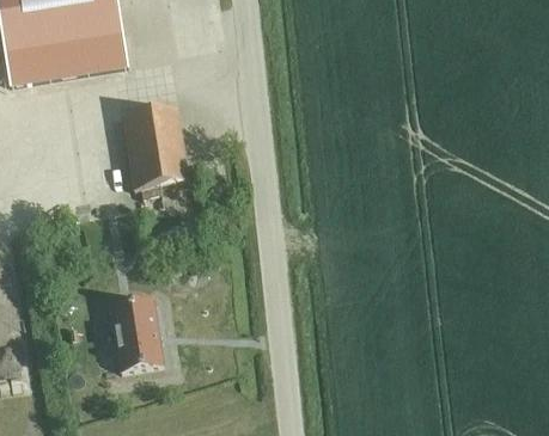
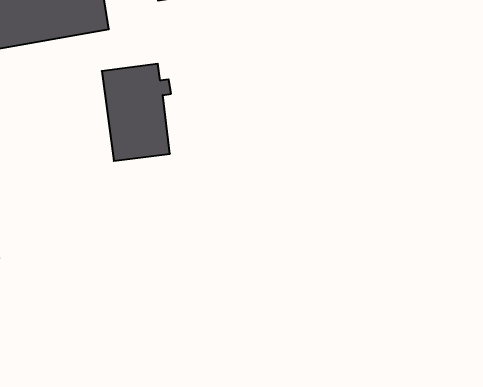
building: [110,305,163,375] -> none

